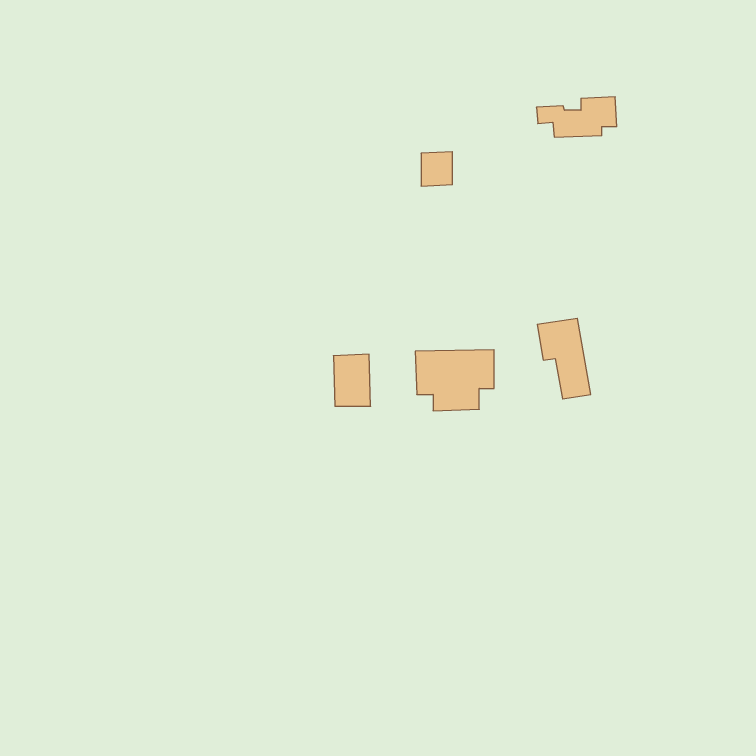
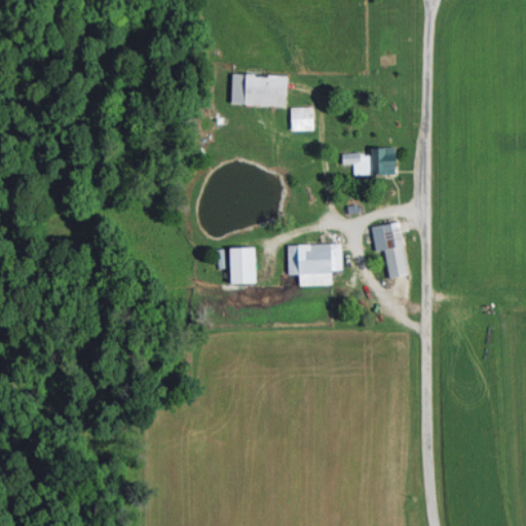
building: [536,97,617,137] -> [341,147,397,175]
building: none -> [231,75,287,106]

